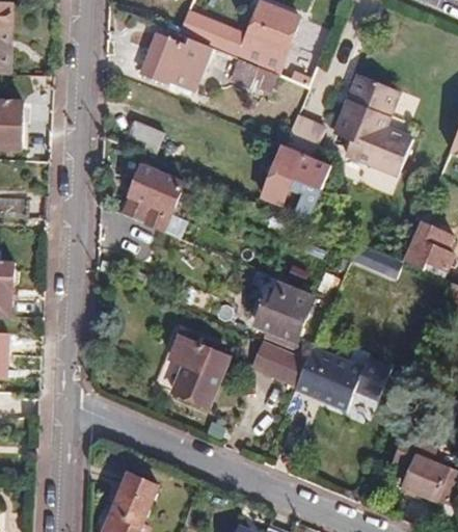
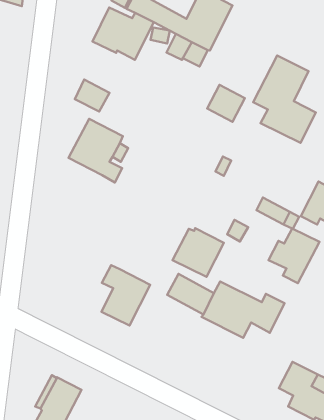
building: [260,142,330,204] -> none
building: none -> [269,228,319,283]

